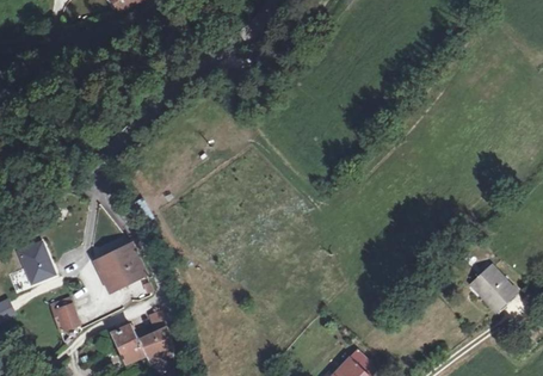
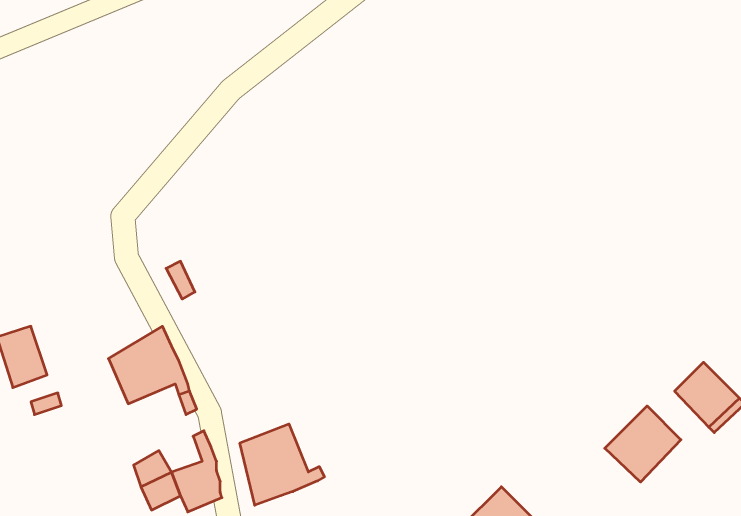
building: none -> [605,406,681,482]
building: [50,297,79,329] -> none
building: none -> [240,424,324,505]

